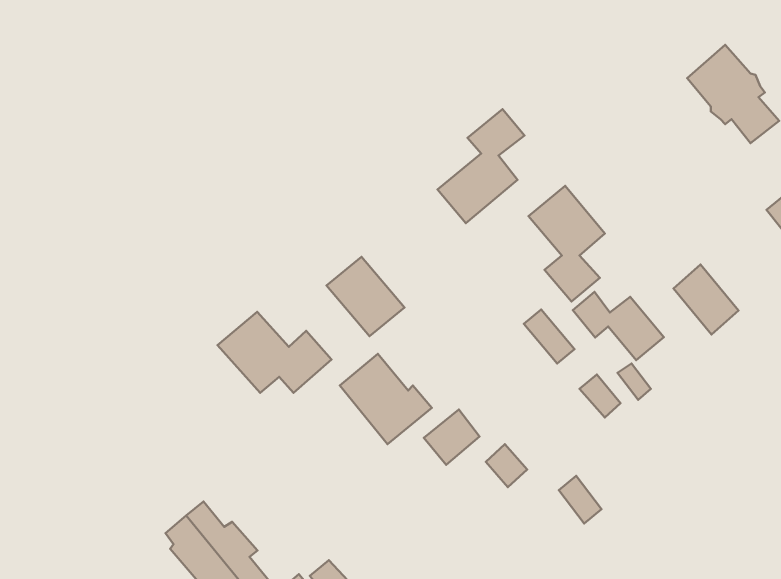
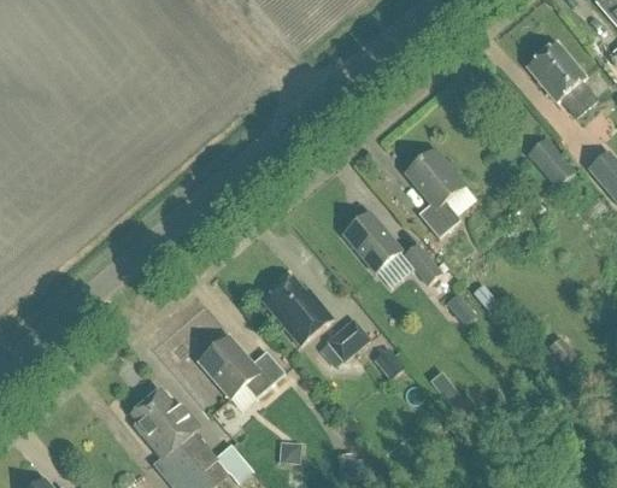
building: [438,109,525,223] -> none
building: [327,257,404,336] -> [341,211,400,271]
building: [674,265,739,334] -> [527,133,576,186]
building: [573,292,664,360] -> none
building: [217,312,332,393] -> [196,335,283,396]

